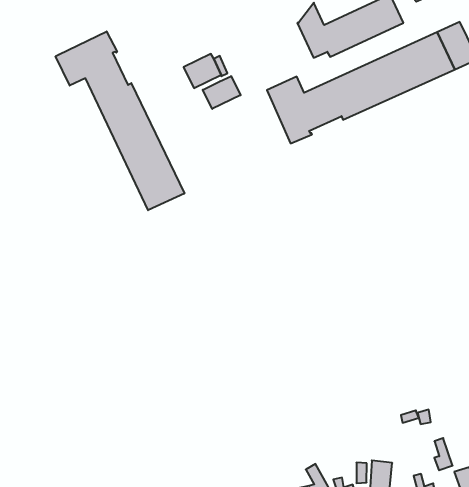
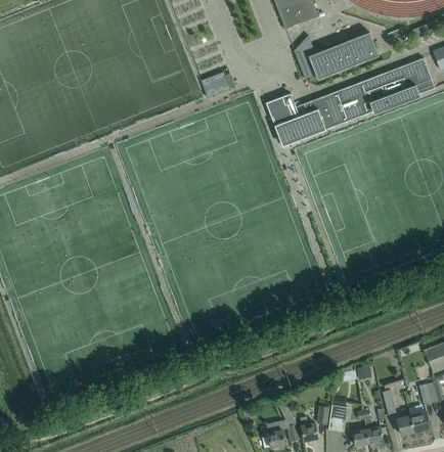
building: [56,31,184,210] -> none
building: [203,76,241,109] -> none

